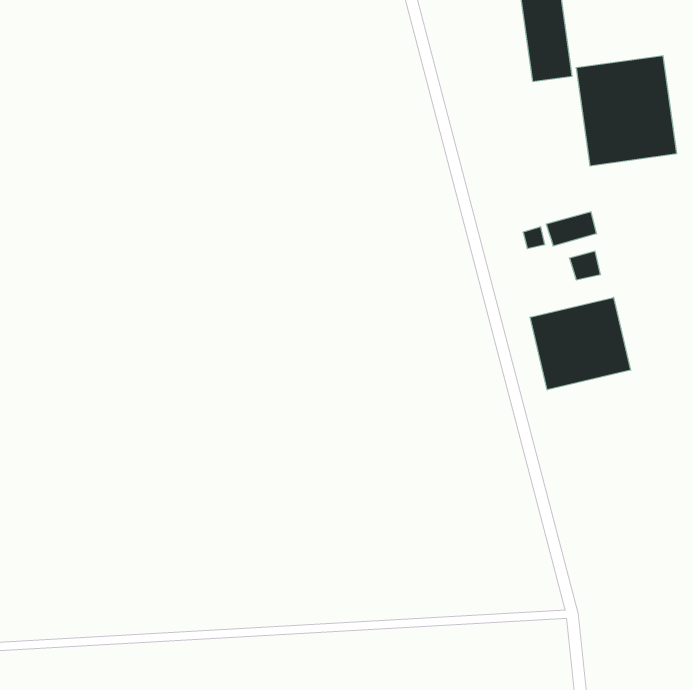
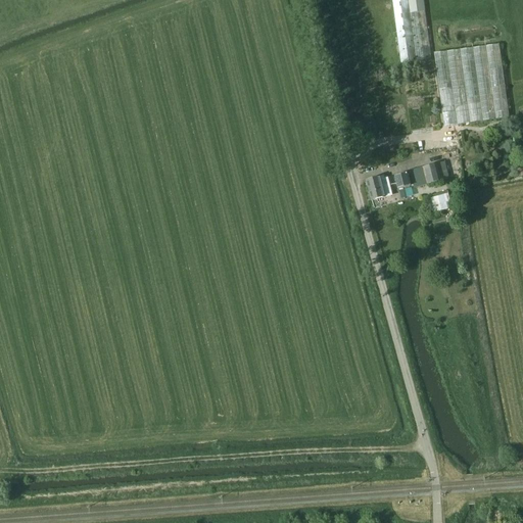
building: none -> [367,175,390,198]
building: [530,297,631,390] -> none

